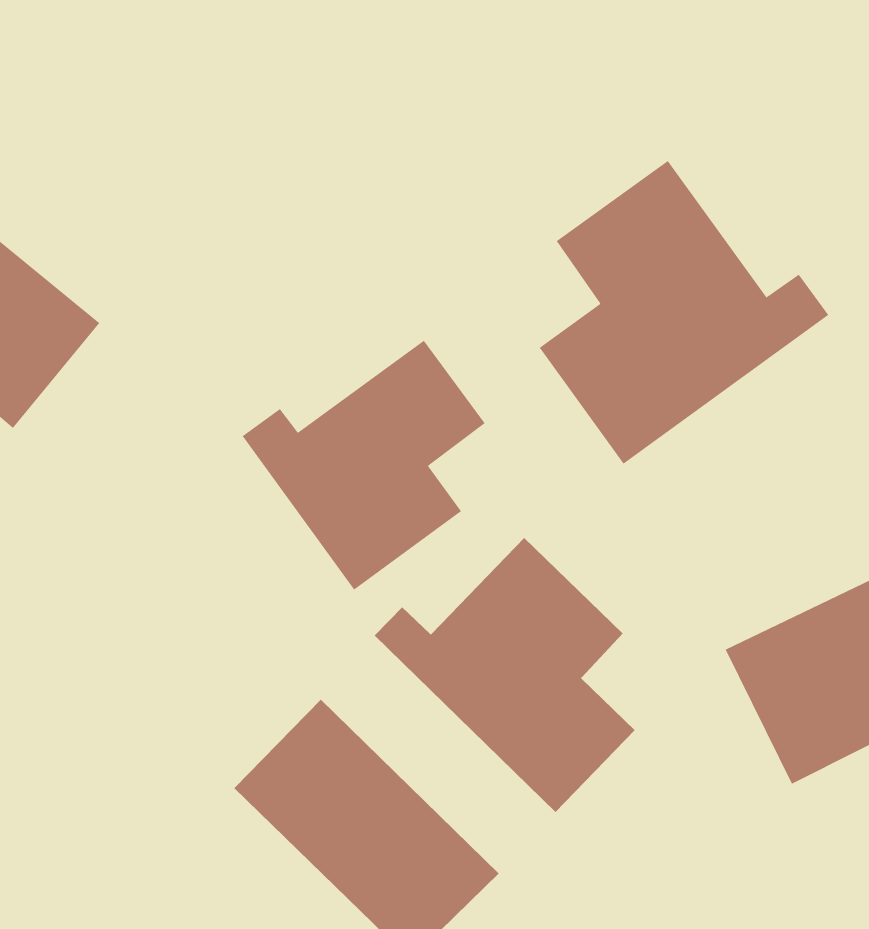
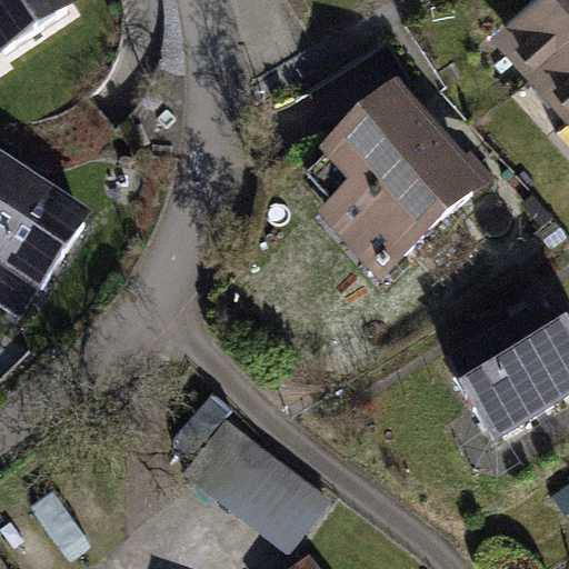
building: [242,340,485,590] -> none
building: [374,537,635,813] -> none

